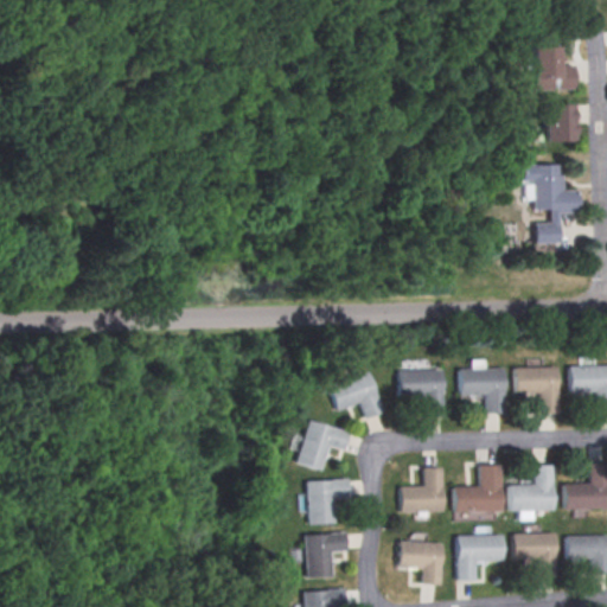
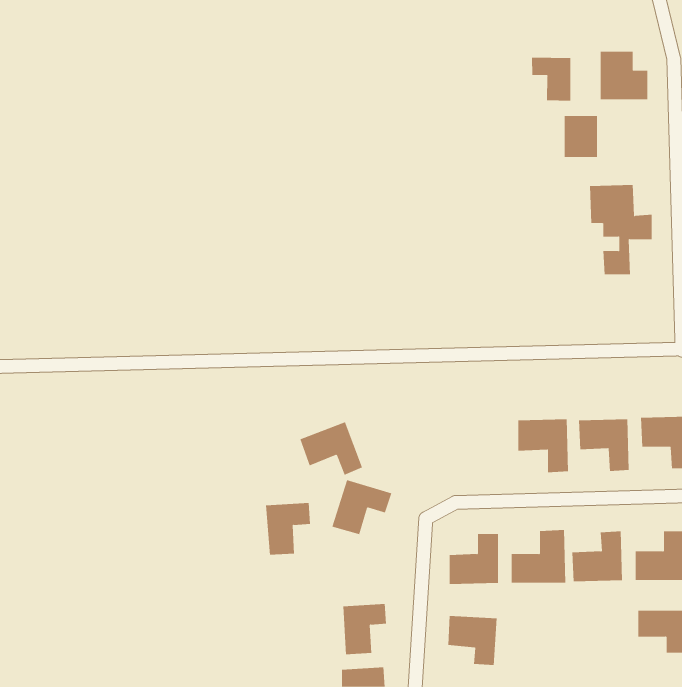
building: none -> [531,57,571,102]
building: [547,103,576,140] -> [564,116,598,157]
building: [400,371,445,417] -> none
building: [330,372,385,420] -> [300,422,363,476]
building: [309,477,350,523] -> [265,503,311,555]
building: [458,535,504,583] -> none
building: [513,535,557,577] -> none

